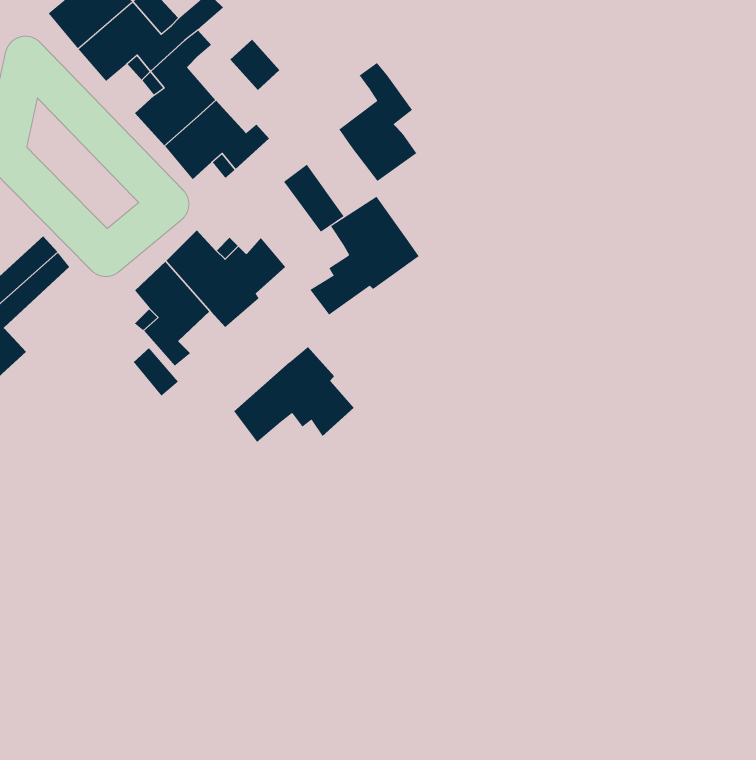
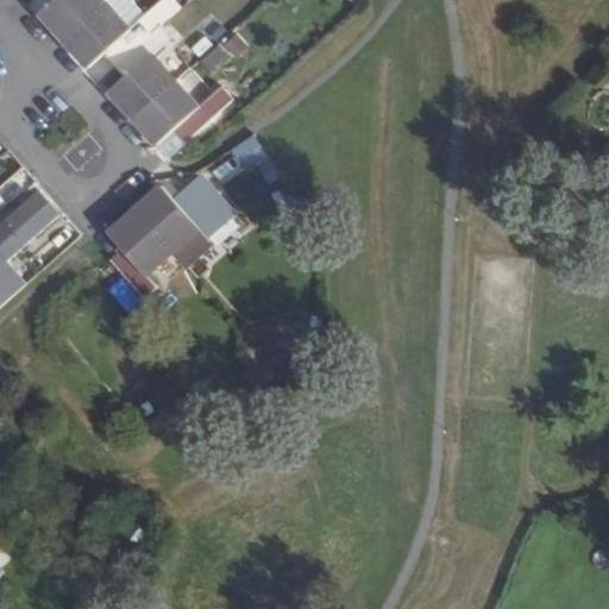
building: [338,62,417,182] -> none
building: [309,196,419,315] -> none
building: [233,346,354,443] -> none

